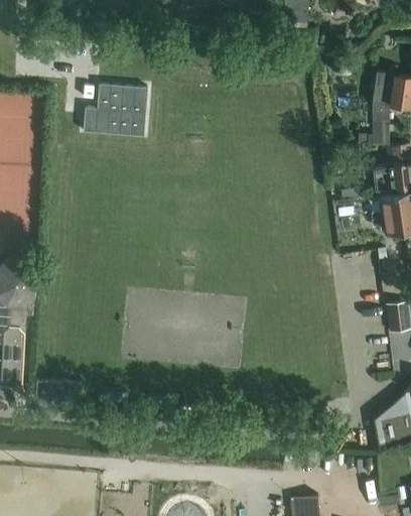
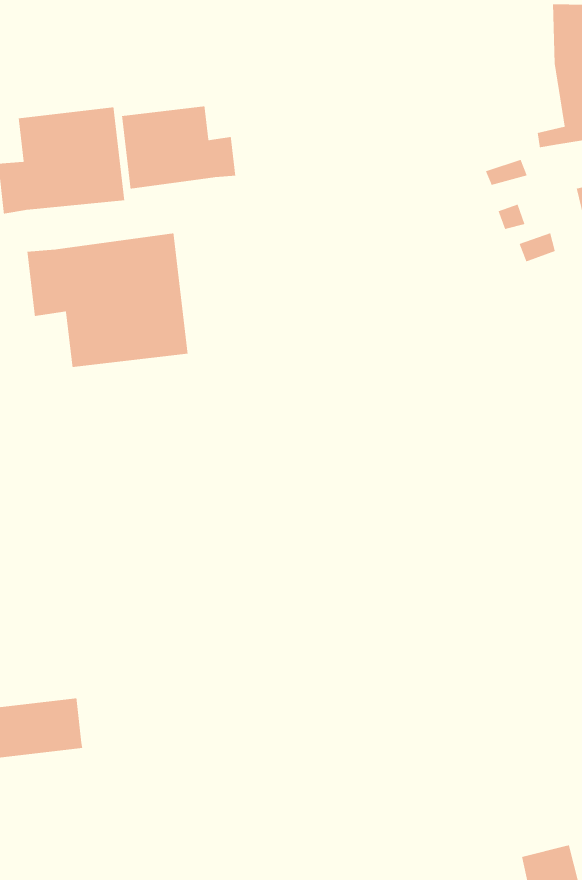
building: none -> [121,105,236,189]
building: none -> [27,232,189,368]

